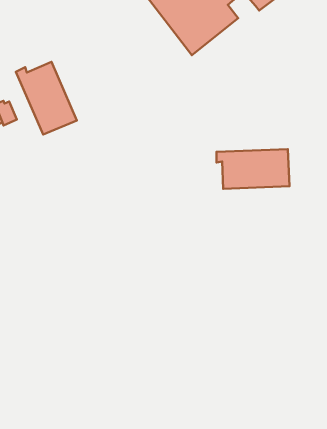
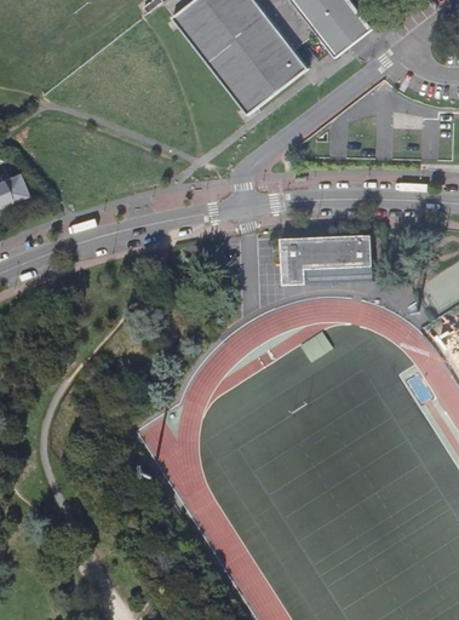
building: [16,62,77,135] -> none

